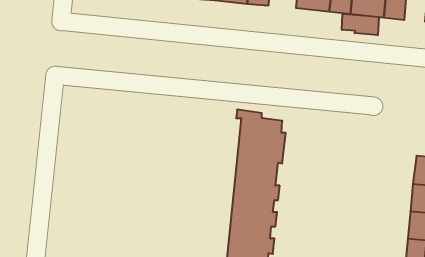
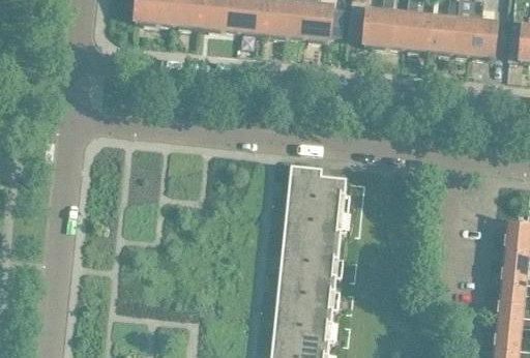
building: [342,14,379,35] -> none

